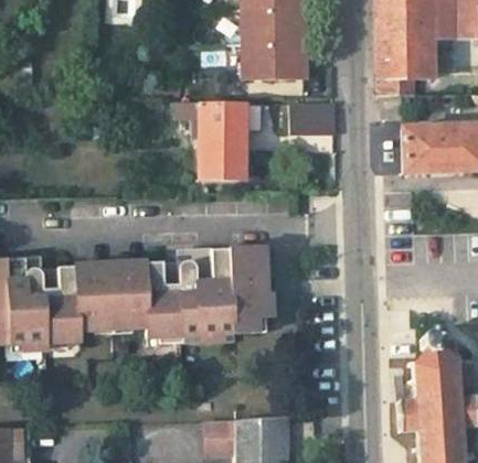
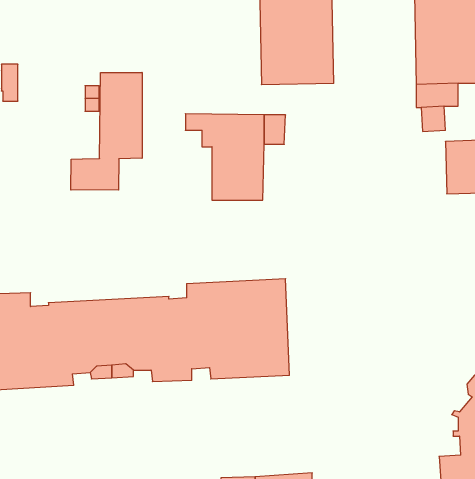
building: none -> [71,72,142,190]
building: [290,104,337,133] -> none

